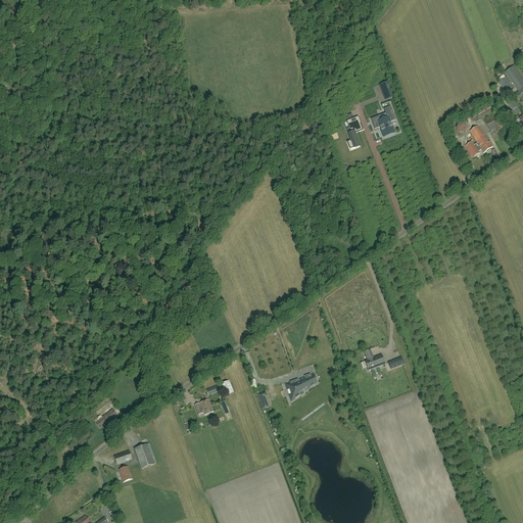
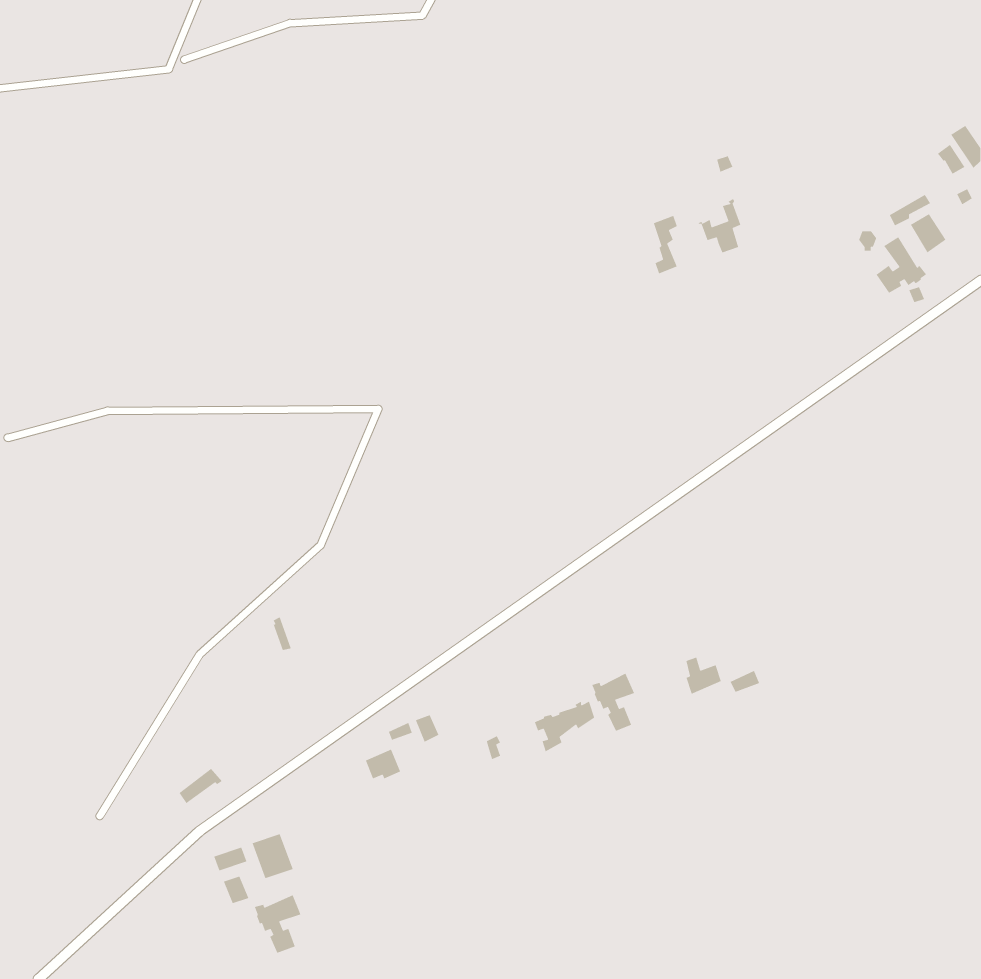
building: none -> [591,673,635,732]
building: none -> [254,894,302,954]

